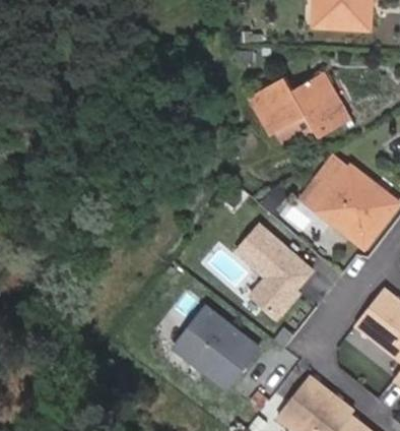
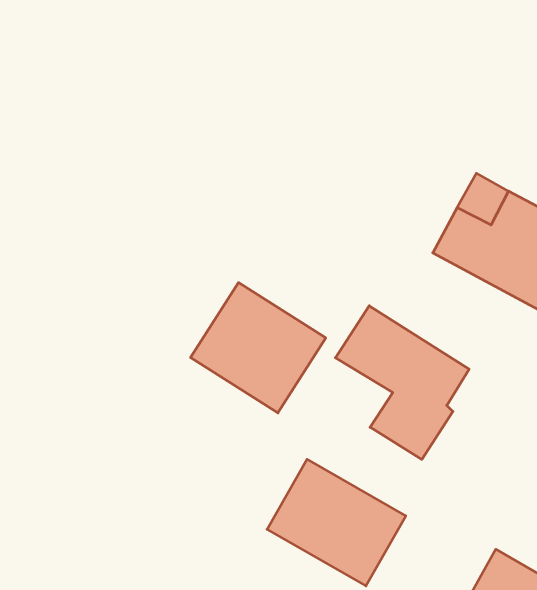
building: [247,72,349,146] -> none
building: none -> [191,283,326,413]

